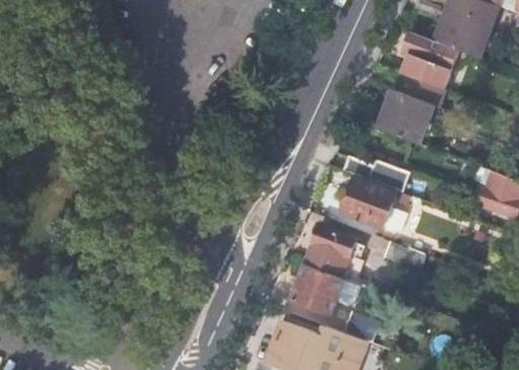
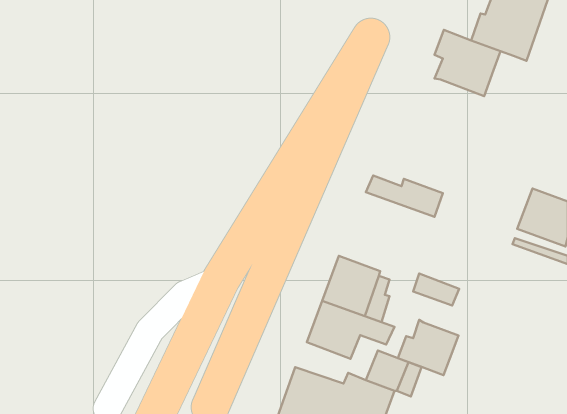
building: [377,75,444,144] -> none
building: [342,179,394,228] -> none
building: none -> [398,320,459,375]

